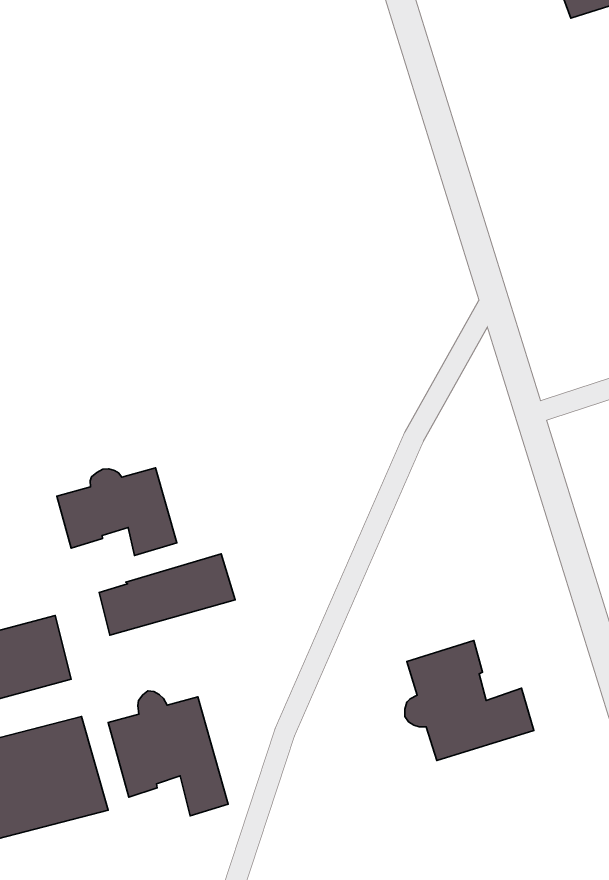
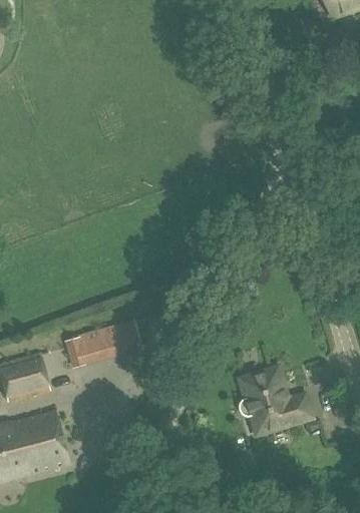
building: [57,468,177,555] -> none
building: [108,691,228,816] -> none

